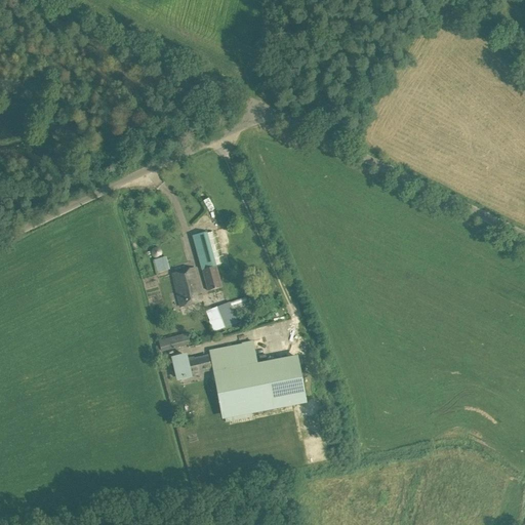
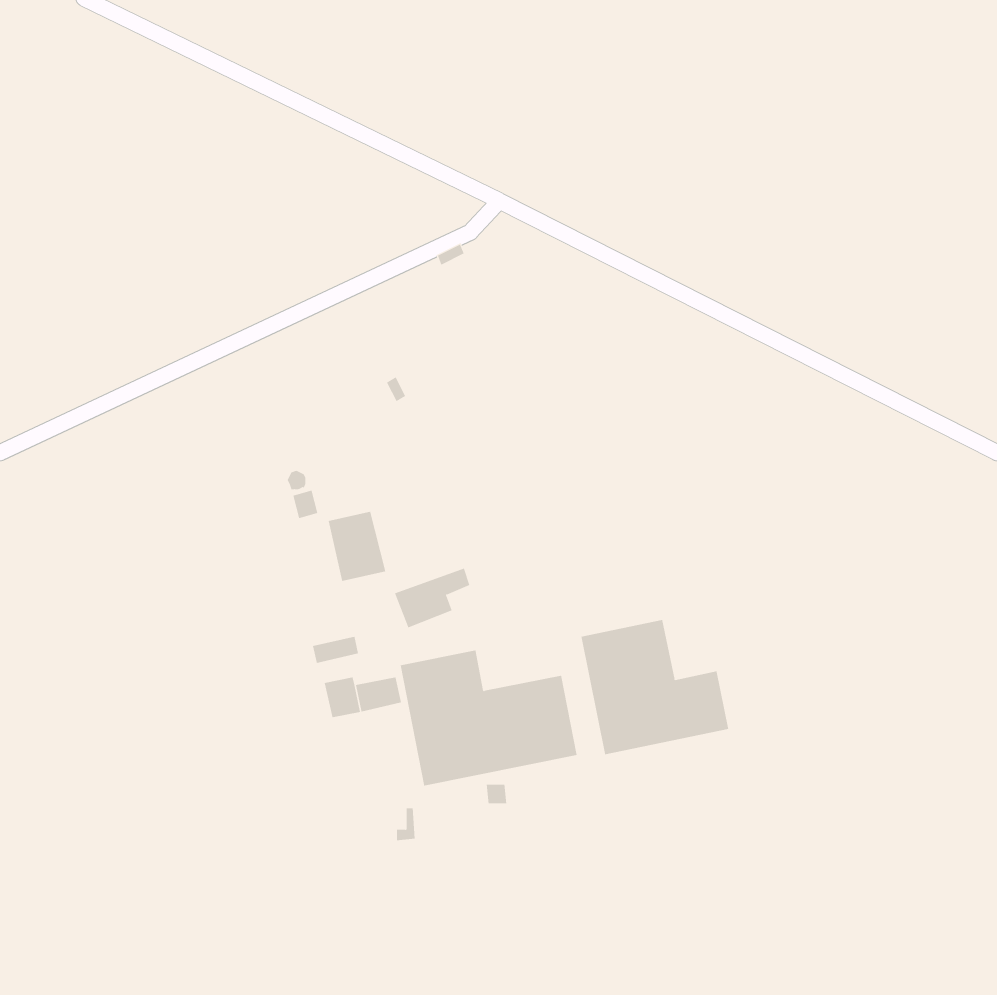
building: [193,233,224,294] -> none
building: none -> [581,619,729,755]

